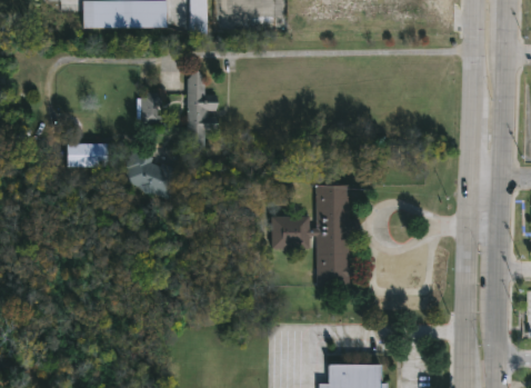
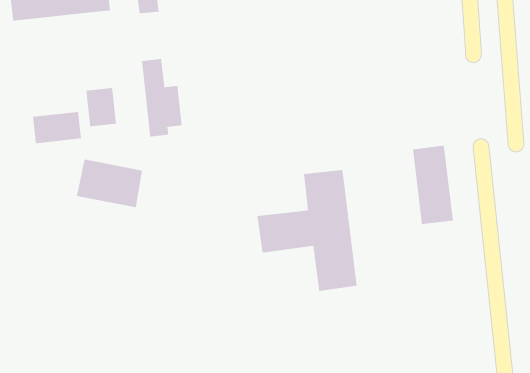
building: [67,145,107,168] -> [32,112,82,144]
building: none -> [412,145,454,225]

